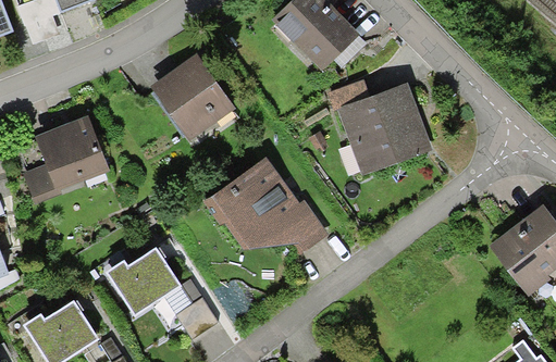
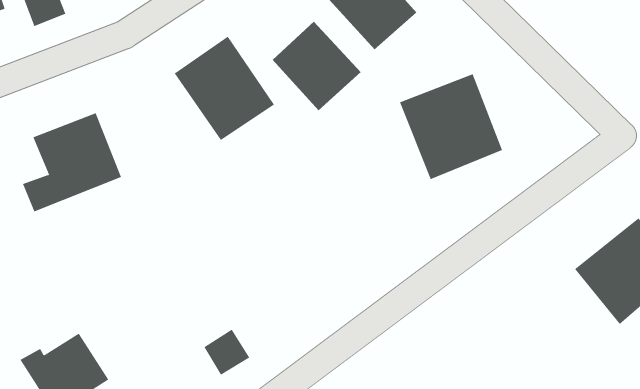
building: none -> [272,21,362,111]
building: [206,155,328,258] -> none
building: [104,248,180,315] -> none

